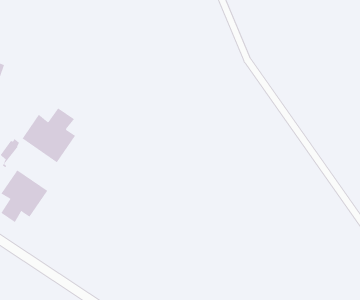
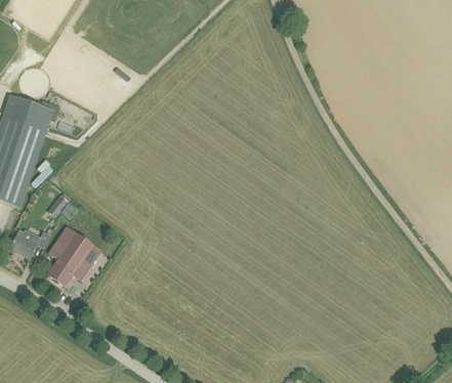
building: [22,107,76,163] -> none

